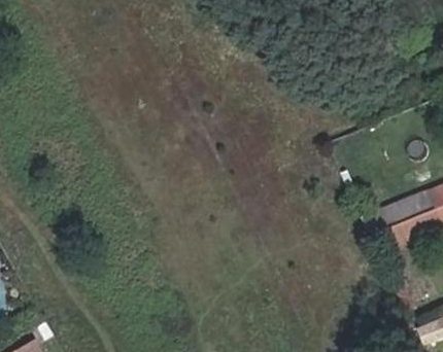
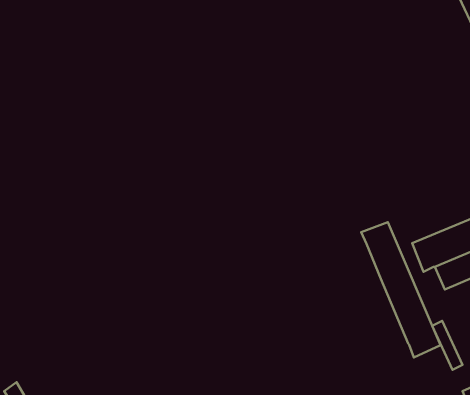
building: none -> [361,222,441,357]

